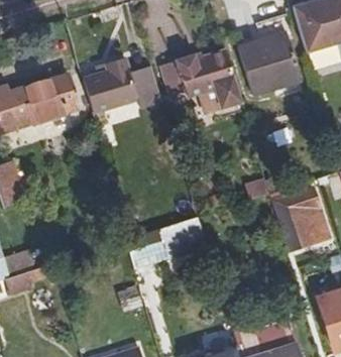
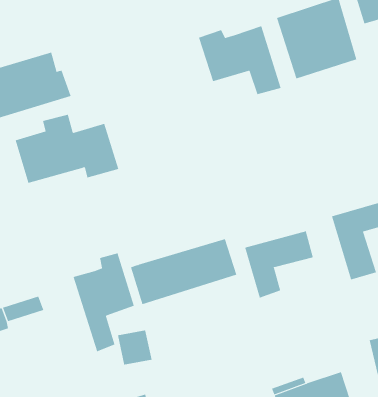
building: [83,60,163,113] -> [15,114,119,183]
building: none -> [245,231,314,299]
building: none -> [73,252,135,352]

